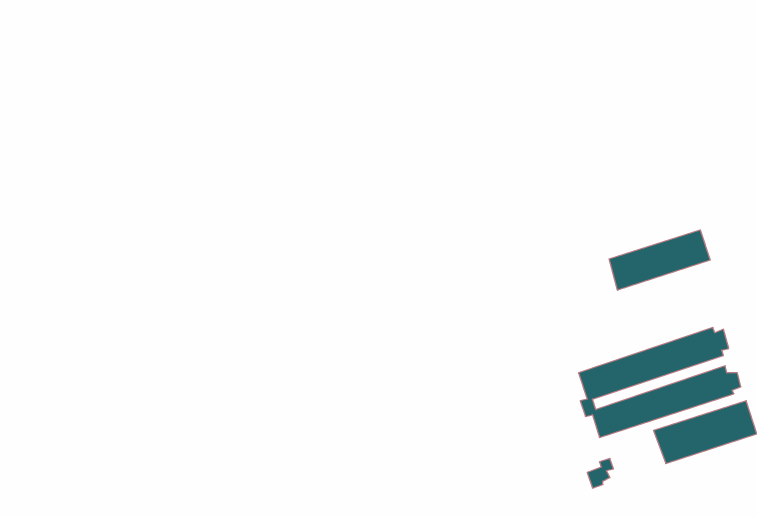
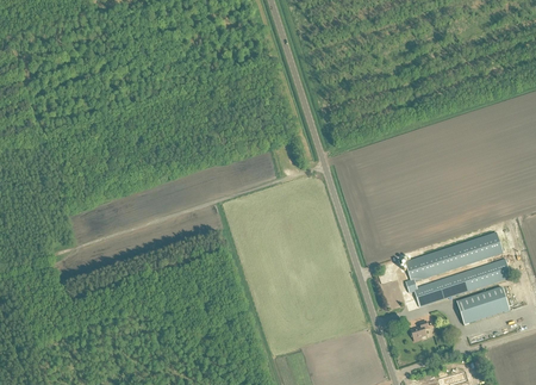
building: [609,230,710,290] -> none

